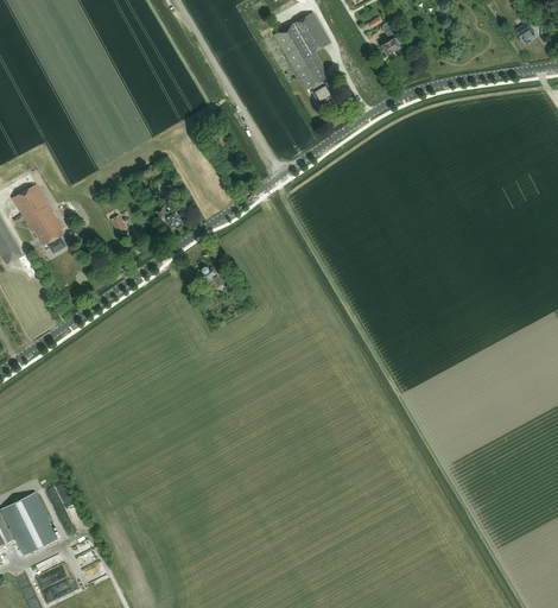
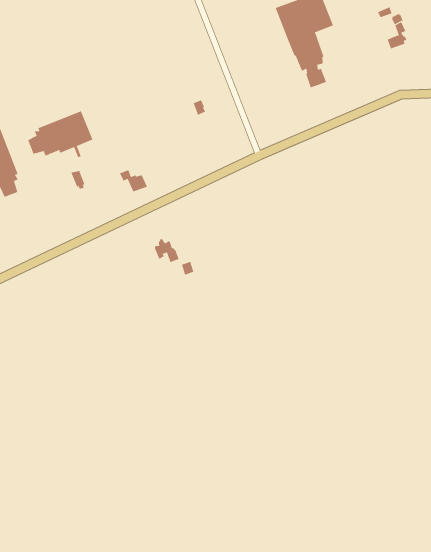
building: none -> [27,110,93,158]

